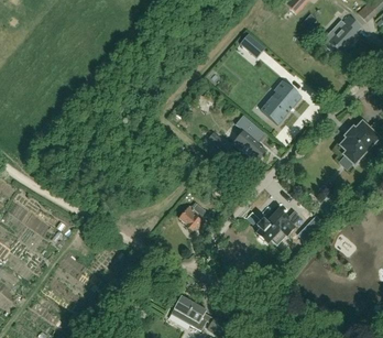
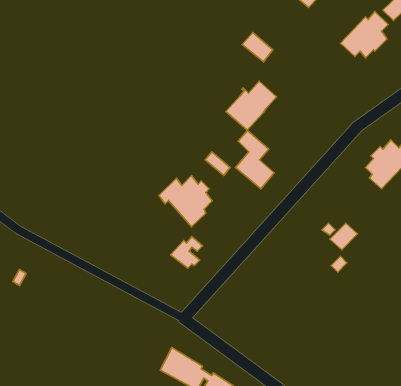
building: [260,84,302,124] -> [226,81,276,130]
building: none -> [159,176,212,227]
building: [256,209,298,244] -> none

